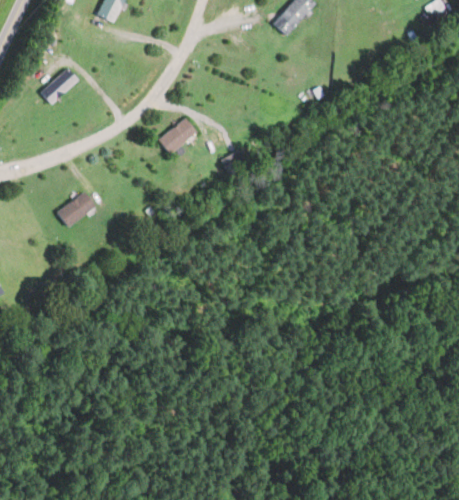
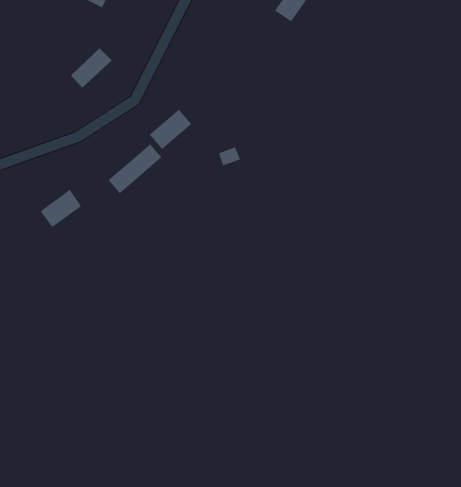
building: [41,67,80,105] -> [70,47,112,89]
building: none -> [108,144,162,194]

